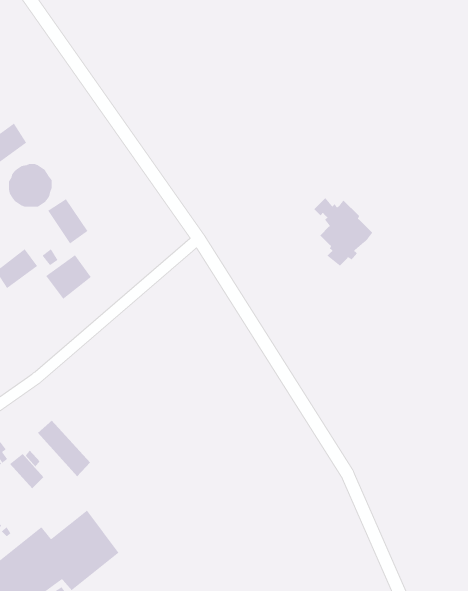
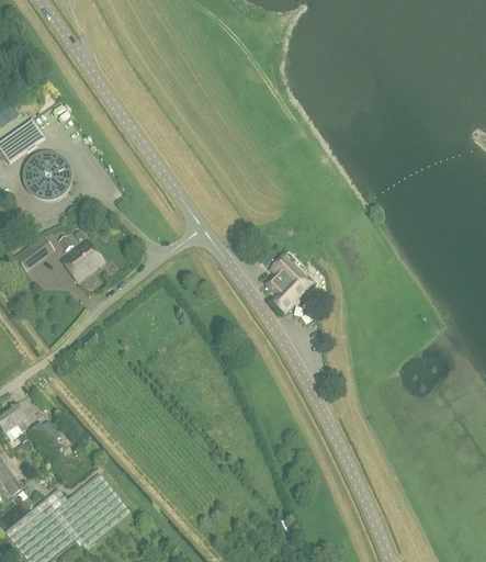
building: [313,197,373,267] -> [260,248,315,312]
building: [47,198,88,245] -> none
building: [37,420,91,477] -> none

